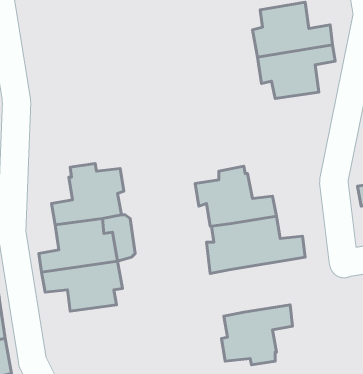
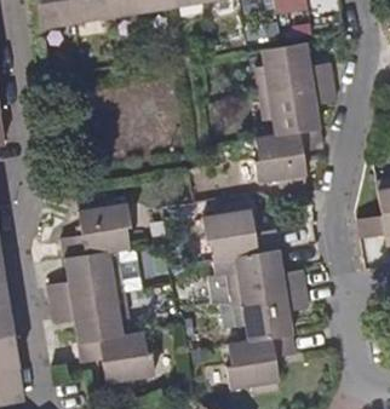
building: none -> [254,131,325,190]
building: none -> [234,290,311,344]
building: none -> [80,333,155,393]

